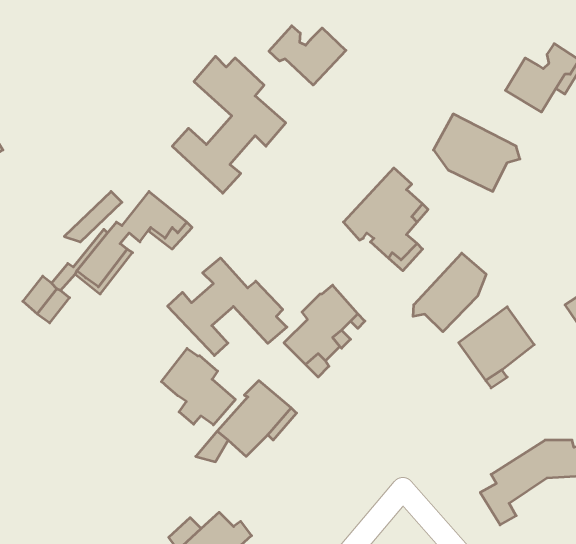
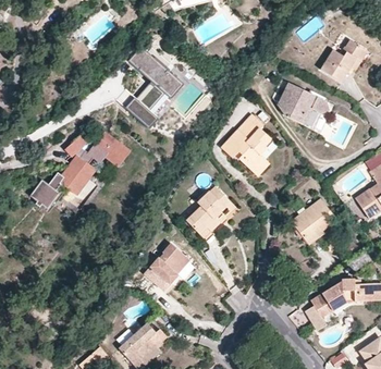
building: [269,26,346,85] -> none
building: [413,253,486,332] -> none
building: [168,258,287,356] -> none
building: [161,348,235,425] -> none

